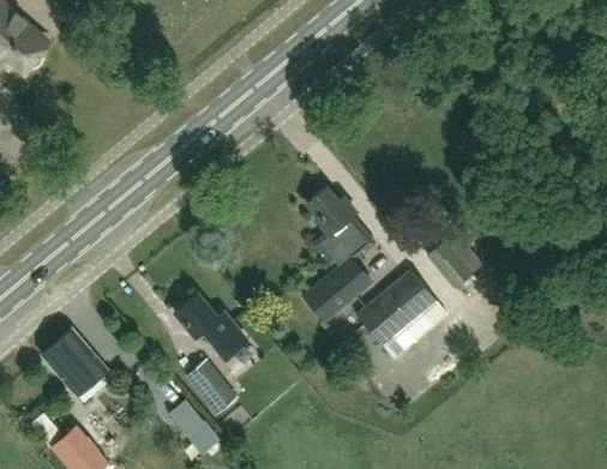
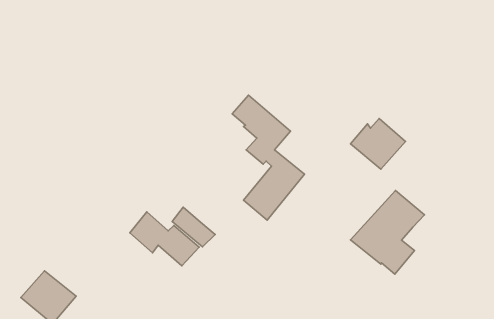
building: [355,269,438,357] -> [351,190,425,274]
building: [192,361,235,407] -> [172,207,215,247]

